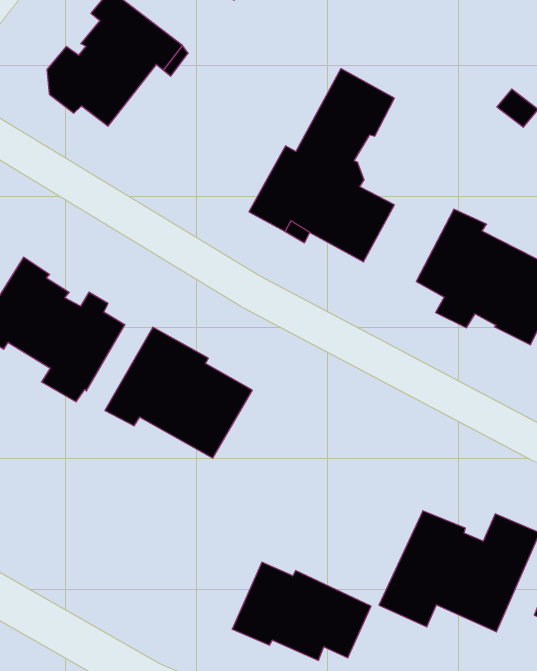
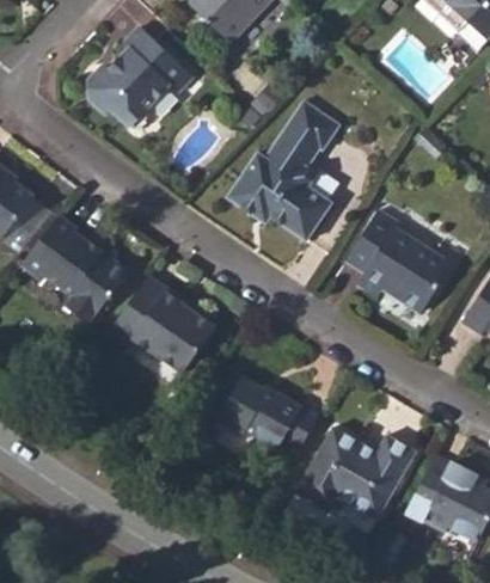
building: [232,562,371,660] -> [216,375,319,450]

